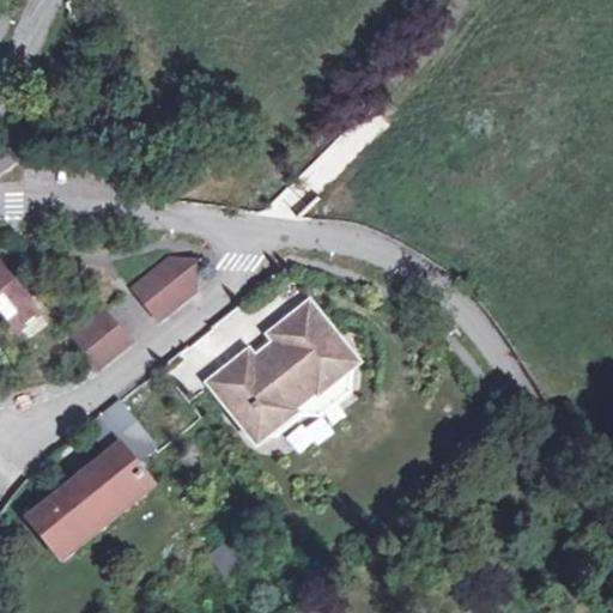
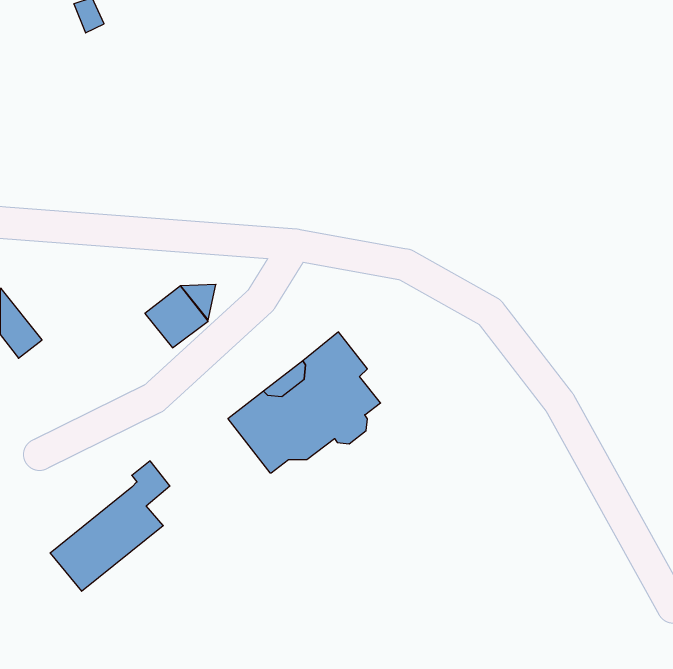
building: [72,306,129,364] -> none
building: [28,478,153,558] -> none

